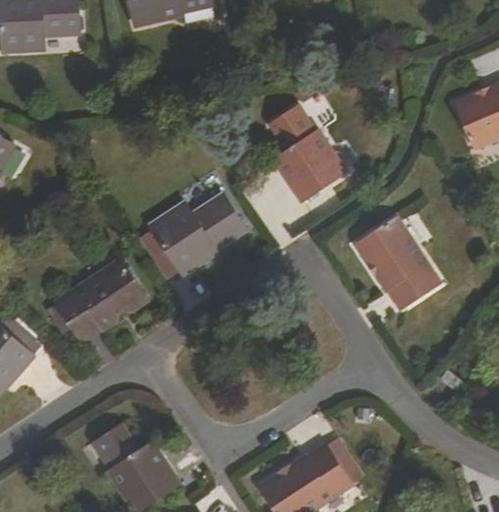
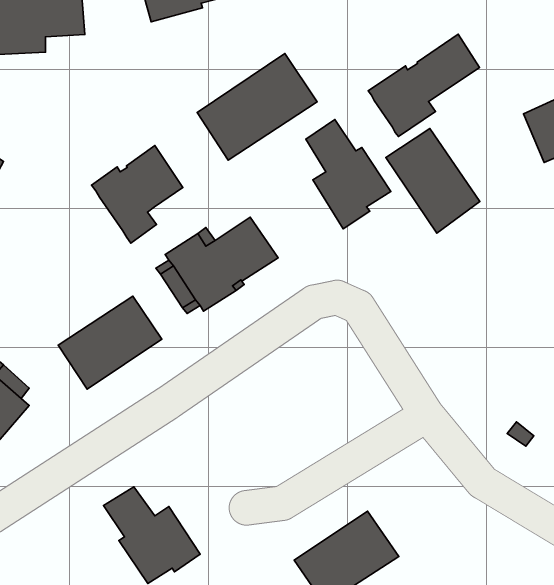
building: none -> [368,34,479,137]
building: none -> [197,54,317,160]
building: none -> [92,146,183,243]
building: [356,217,437,307] -> [386,128,480,233]

